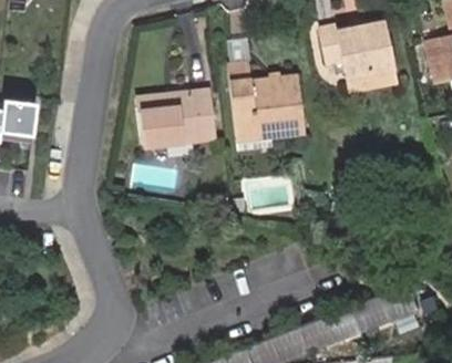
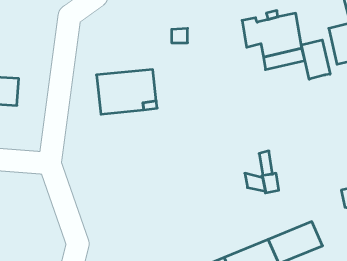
building: none -> [301,40,330,79]
building: [228,64,306,152] -> none

